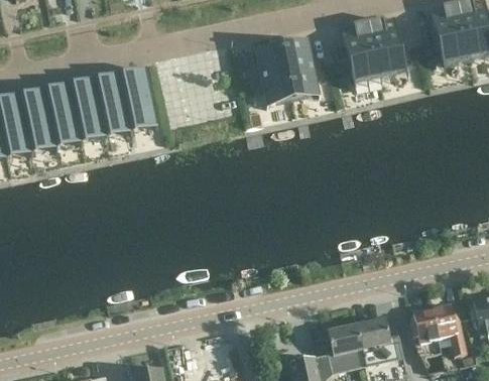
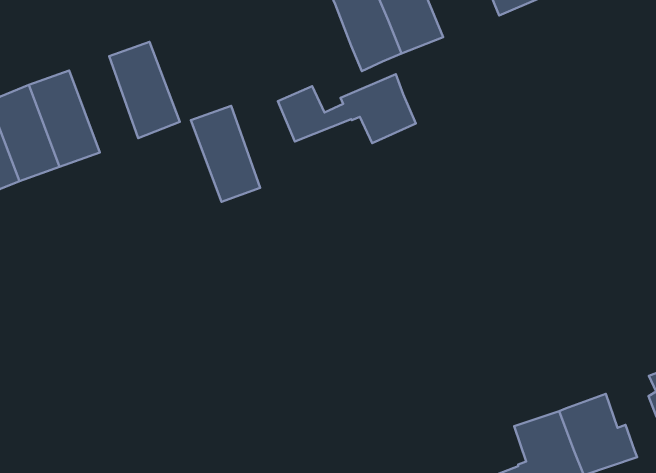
building: [94,74,129,130] -> [191,106,260,202]
building: none -> [278,74,416,143]

